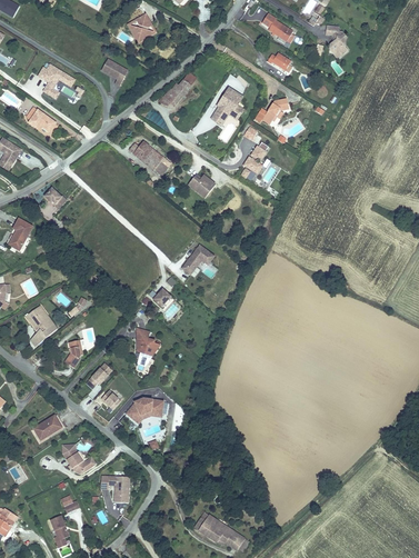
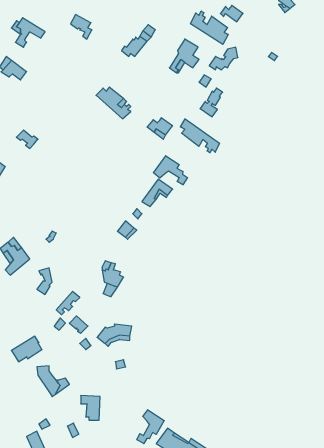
building: none -> [191,11,228,44]
building: none -> [180,119,220,153]
building: none -> [153,156,187,185]
building: none -> [137,410,164,444]

